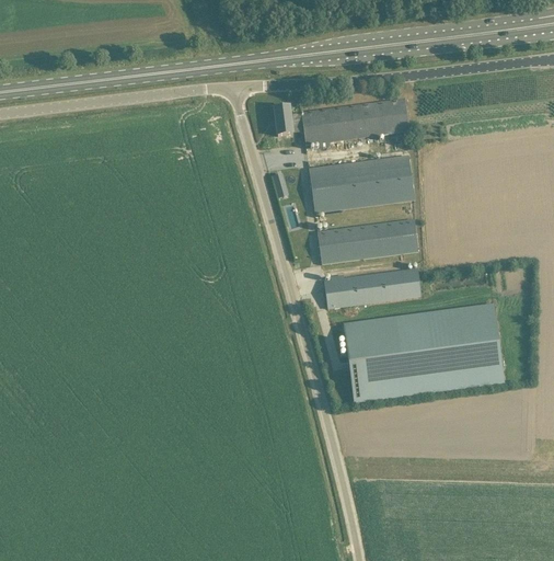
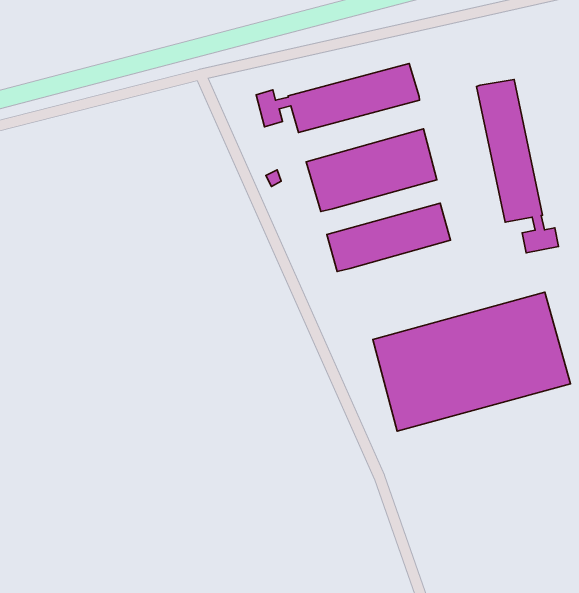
building: none -> [477,80,558,253]
building: [324,267,422,308] -> none

